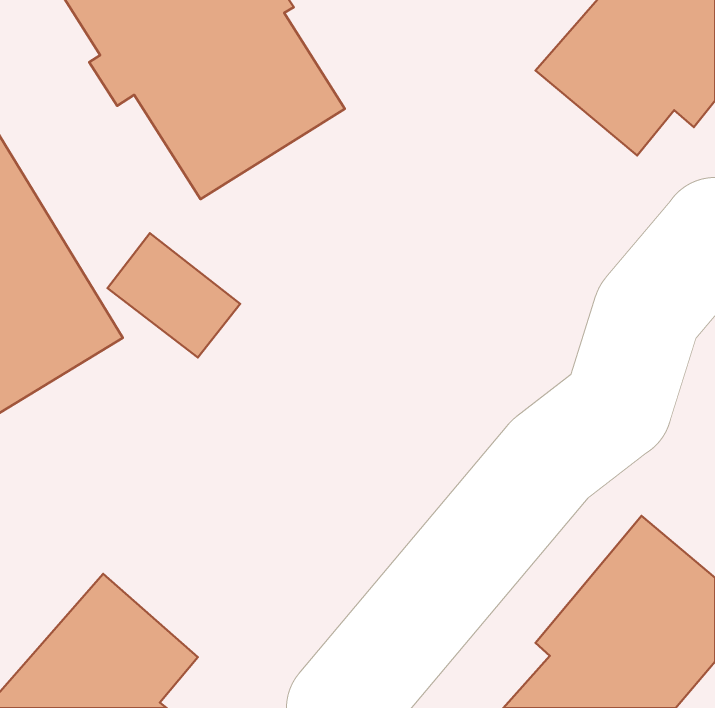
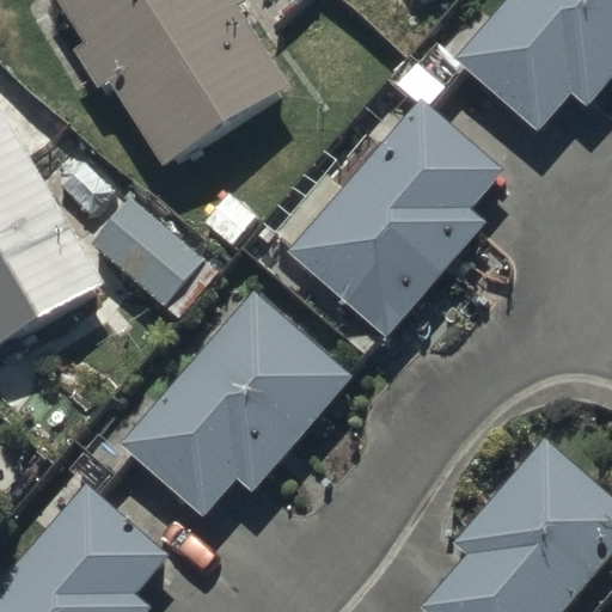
building: none -> [287,98,504,341]
building: none -> [123,293,350,518]

